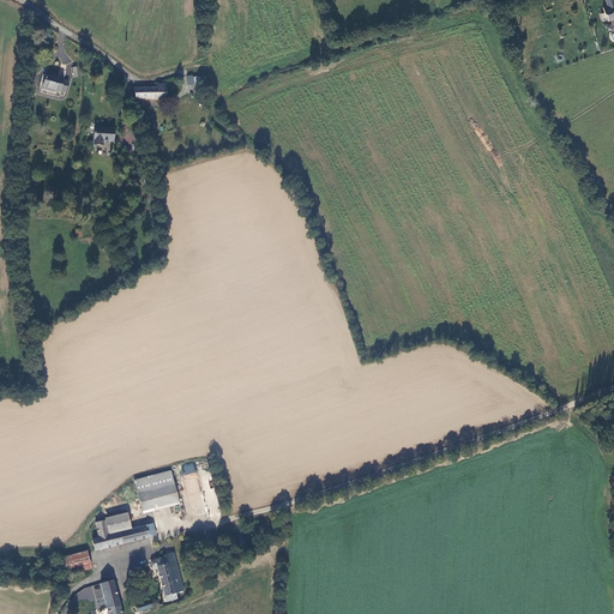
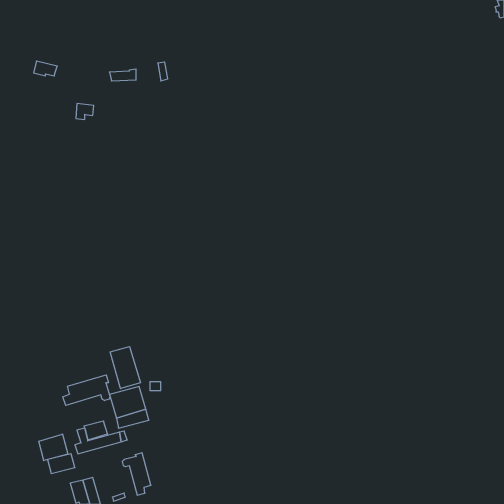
building: none -> [110,347,141,389]
building: none -> [63,375,110,405]
building: none -> [39,434,68,461]

